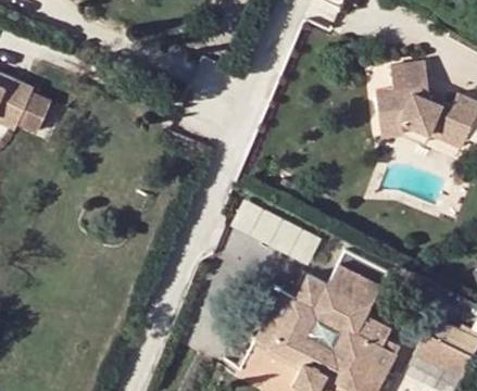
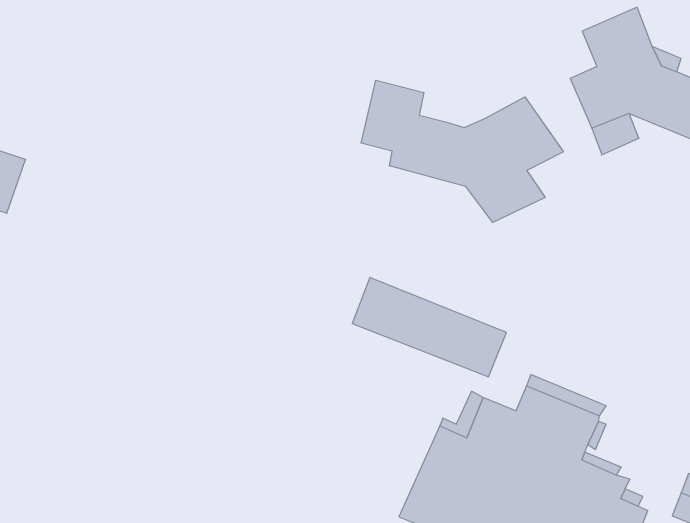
building: none -> [361,80,563,223]

